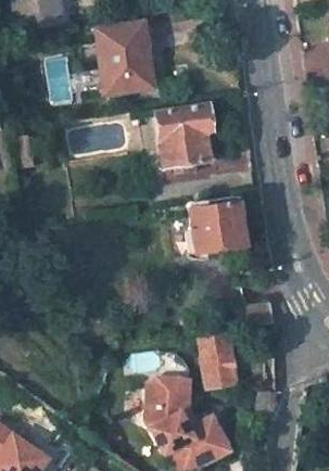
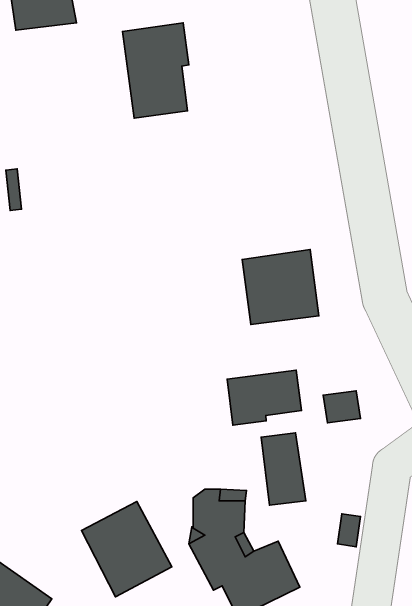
building: [155,106,215,165] -> none
building: none -> [227,370,301,425]
building: none -> [82,501,172,597]

